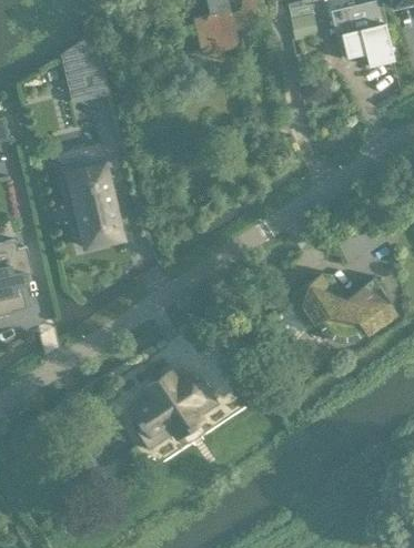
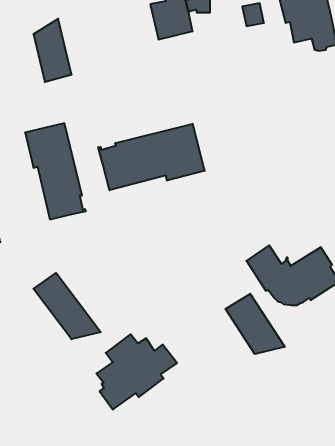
building: none -> [98,124,205,190]
building: none -> [33,273,101,339]
building: none -> [226,294,285,354]

